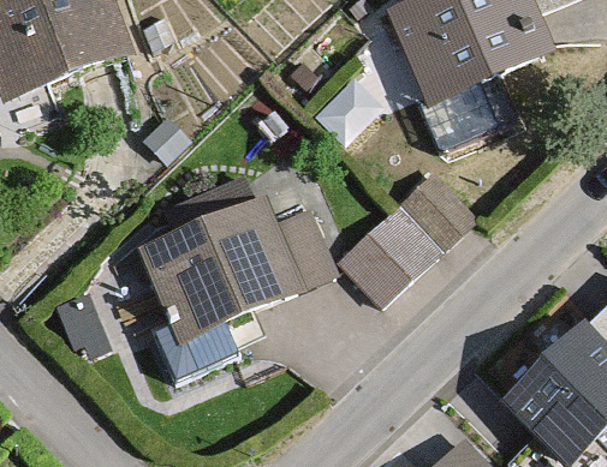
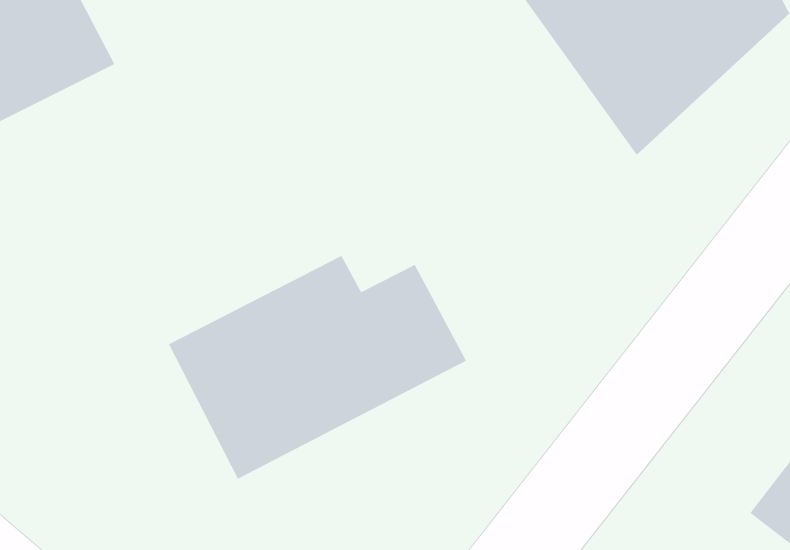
building: [341,174,470,300] -> none

